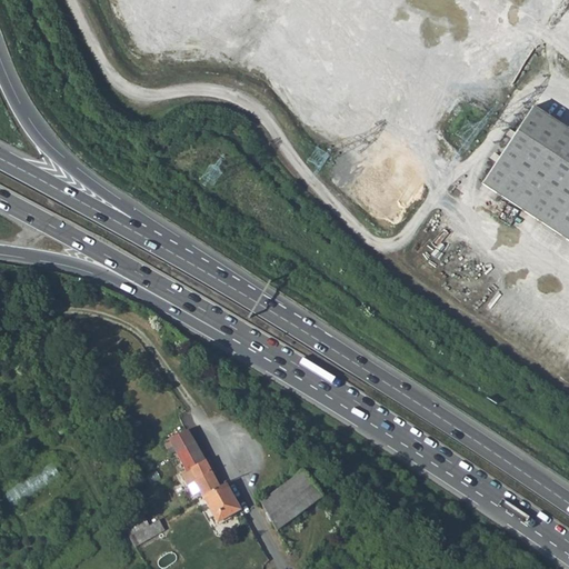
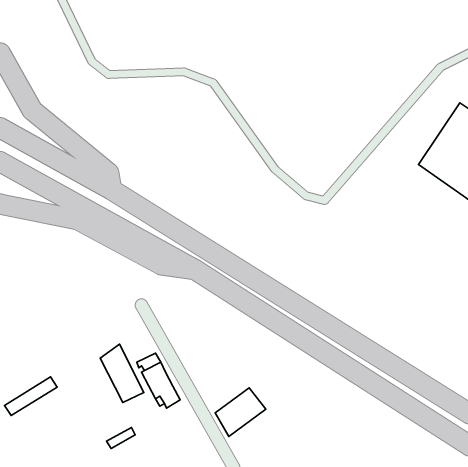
building: [481,107,558,199] -> none
building: none -> [100,344,144,402]
building: [203,480,242,520] -> none

